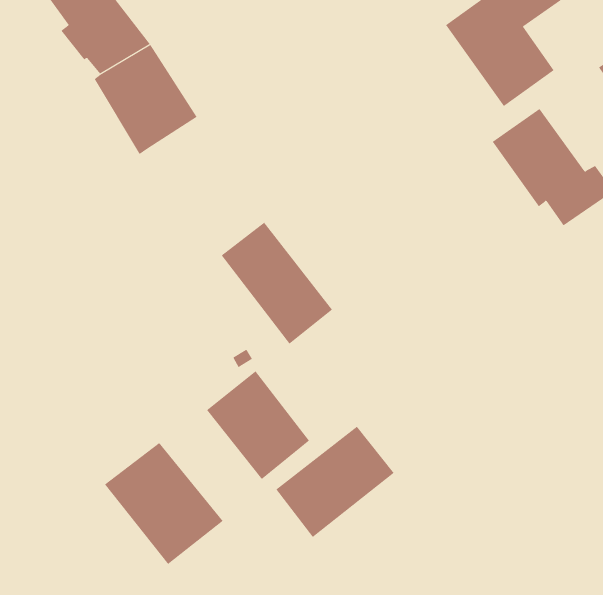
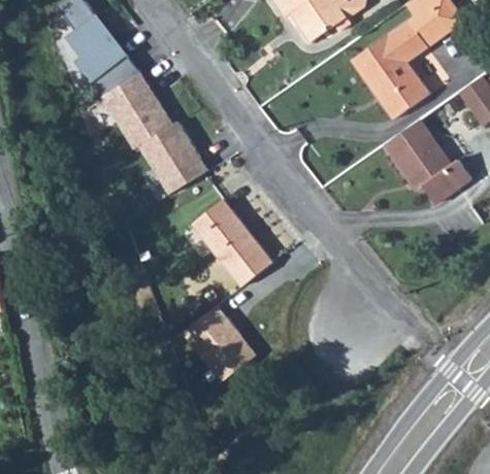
building: none -> [140,124,209,199]
building: [276,426,395,538] -> none
building: [104,442,223,565] -> none

